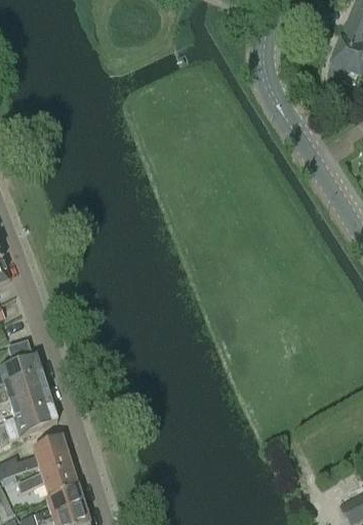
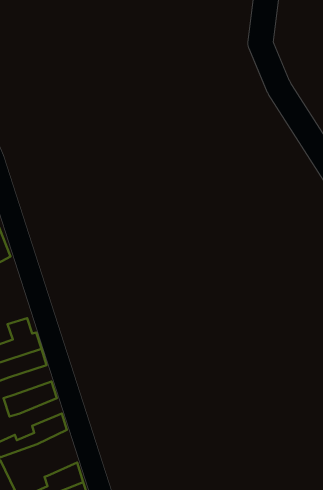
building: [9,387,52,416] -> none
building: [16,451,78,497] -> none

